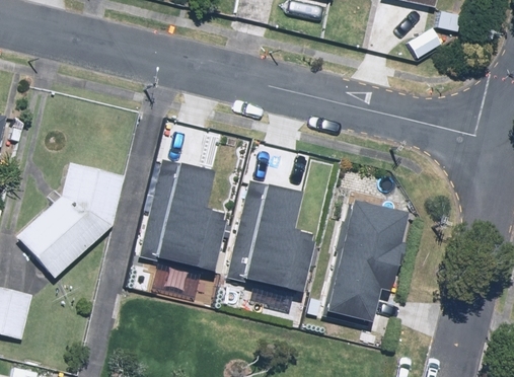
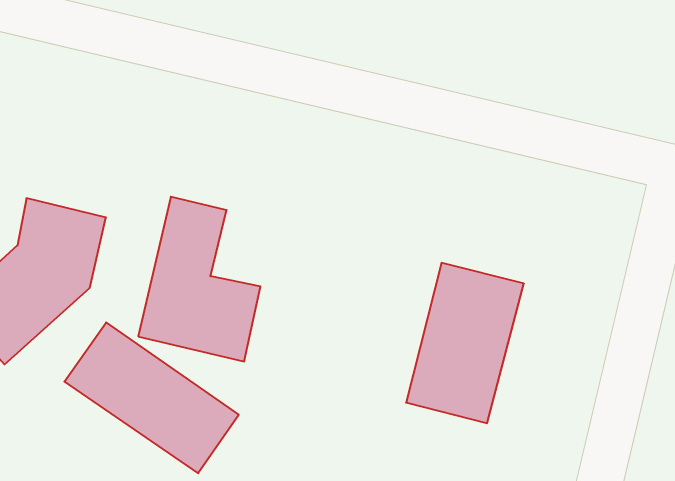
building: [229,182,313,295] -> none
building: none -> [64,322,239,473]

